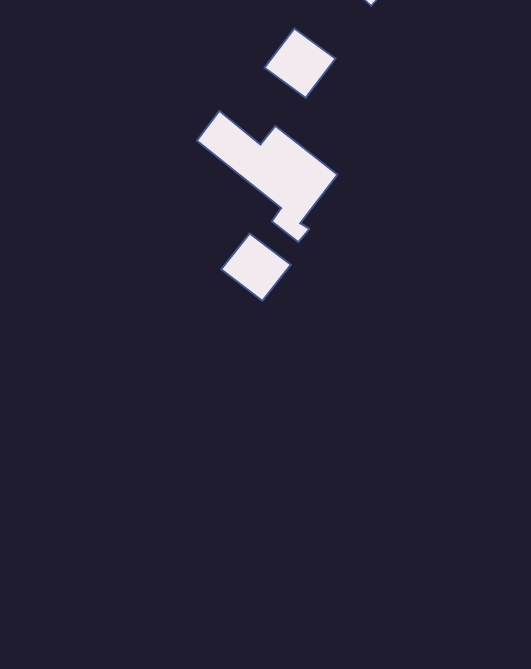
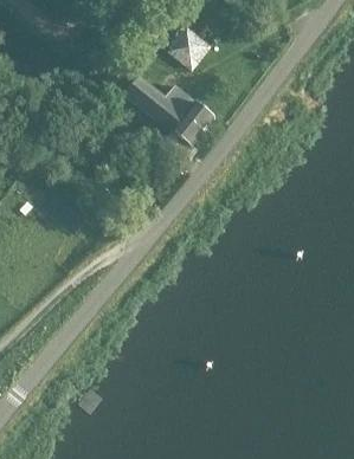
building: [221,233,291,301] -> none

